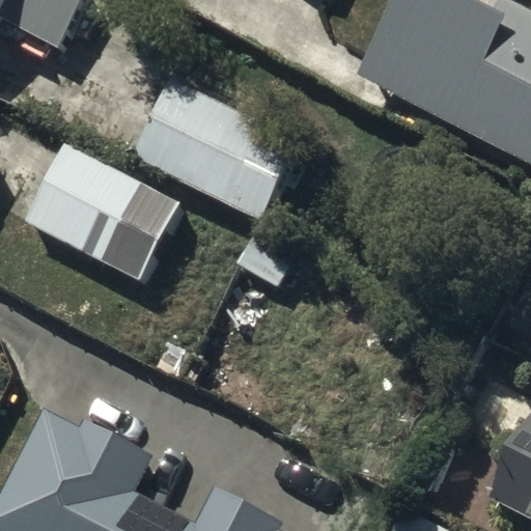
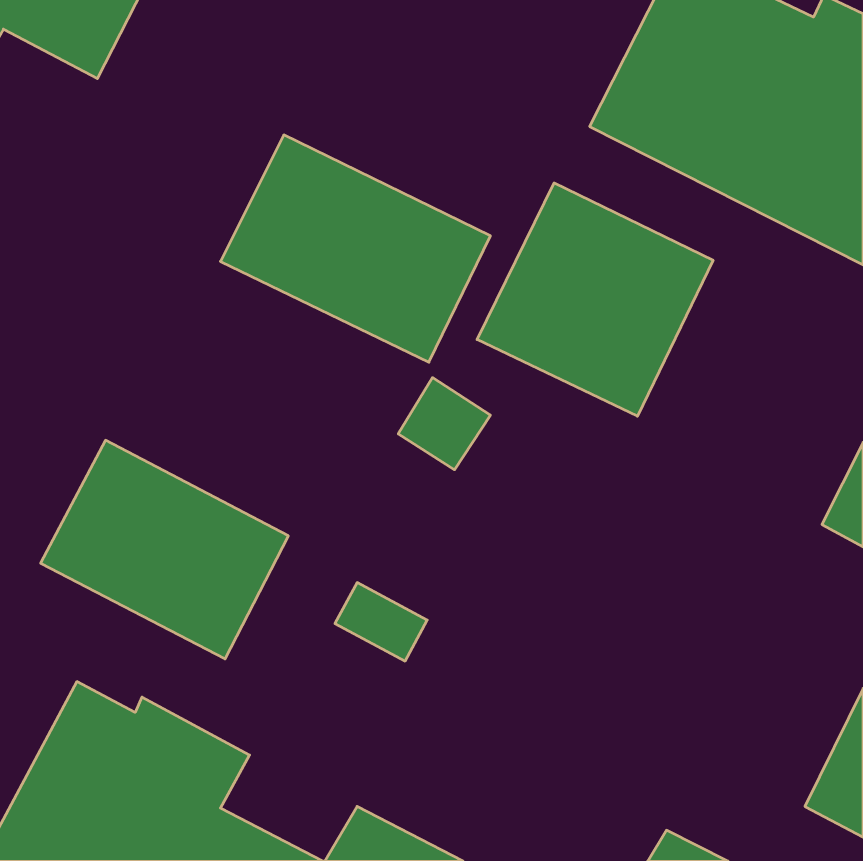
building: none -> [477,183,713,416]
building: [28,146,178,279] -> [41,440,288,659]

